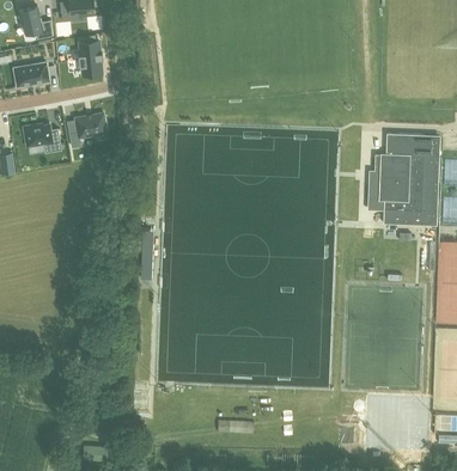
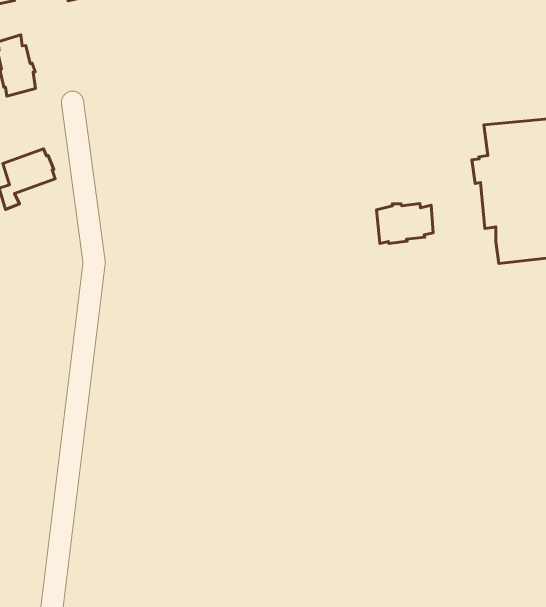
building: none -> [377,204,433,244]

